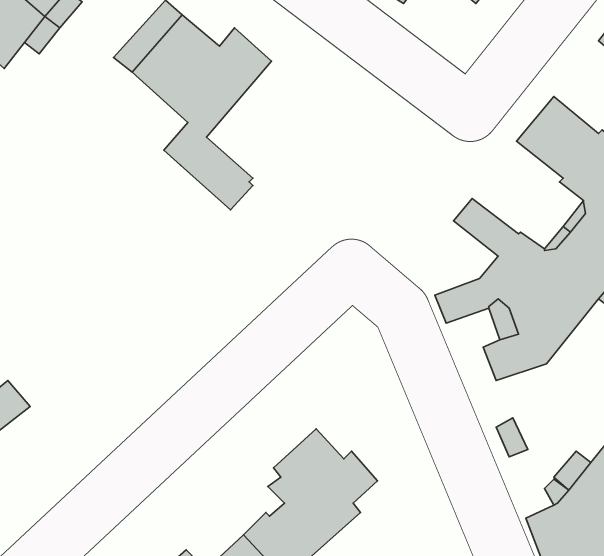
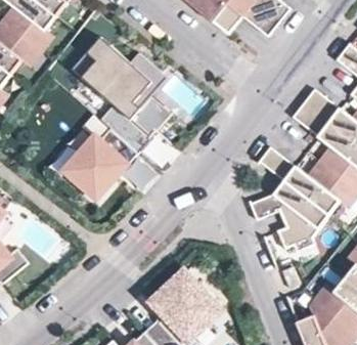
building: none -> [122,70,171,134]
building: none -> [65,127,135,196]

